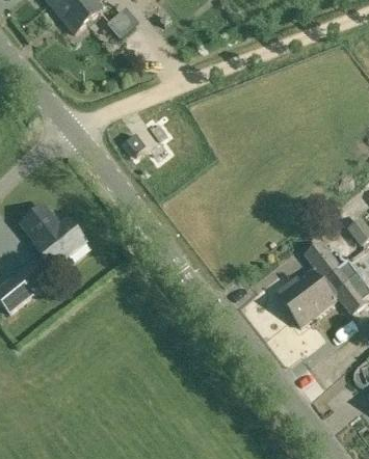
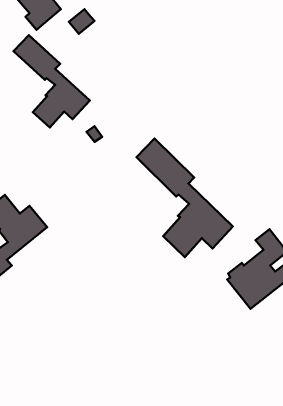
building: none -> [13,35,90,127]
building: none -> [136,138,233,257]

